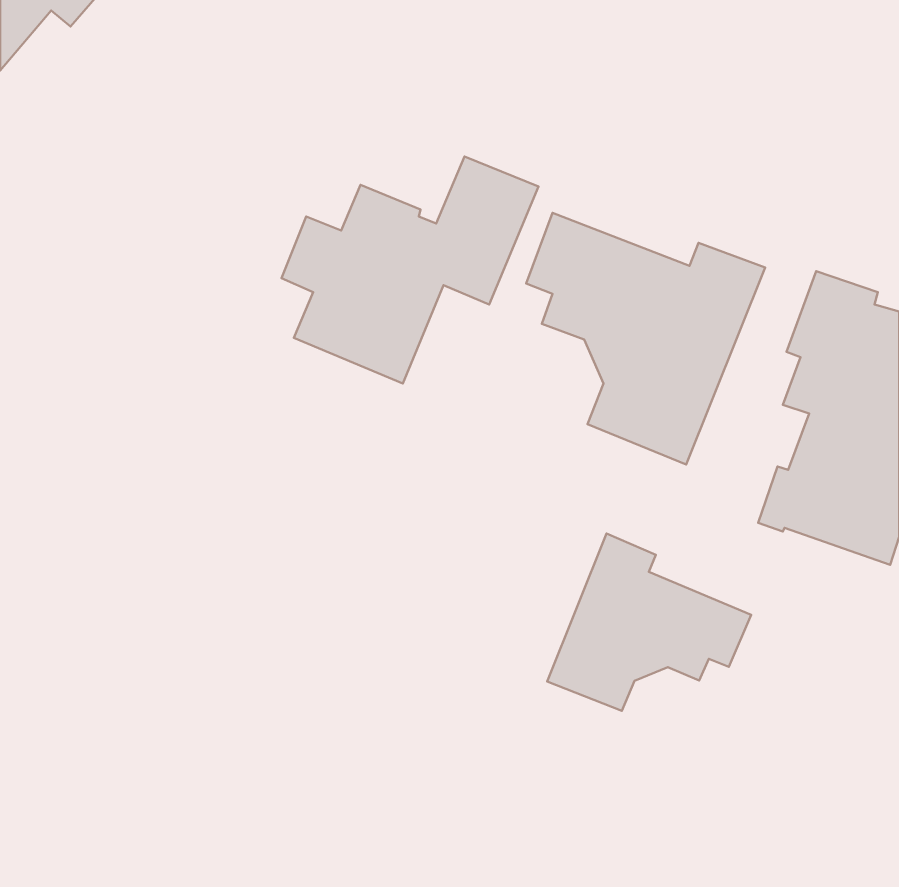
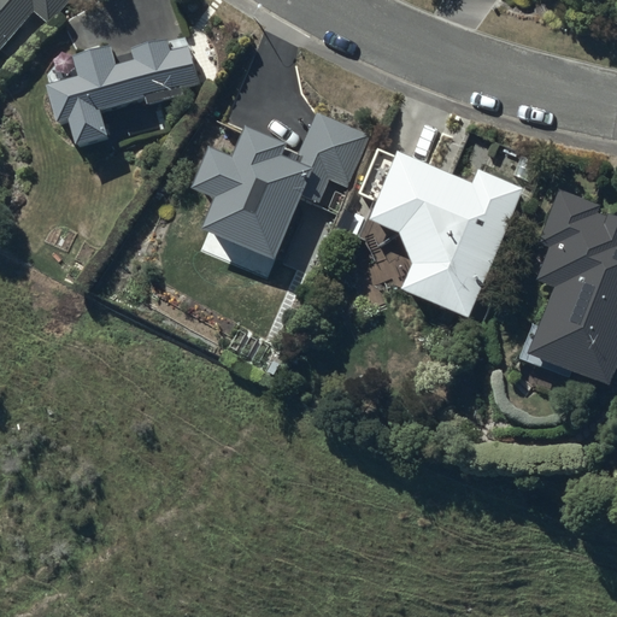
building: none -> [48,40,201,147]
building: [547,534,751,711] -> none

